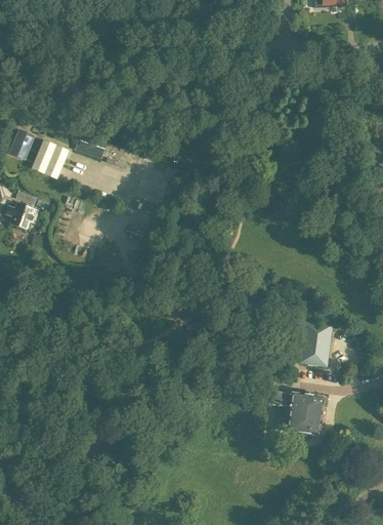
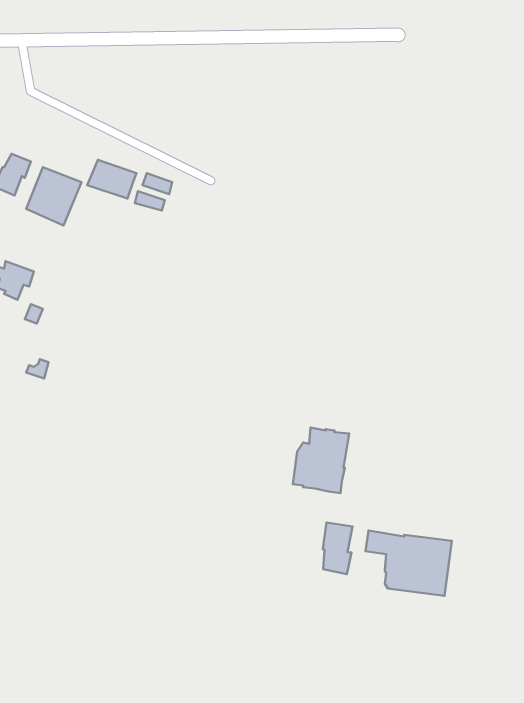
building: [293,322,332,367] -> [293,428,349,493]
building: none -> [323,522,353,574]

